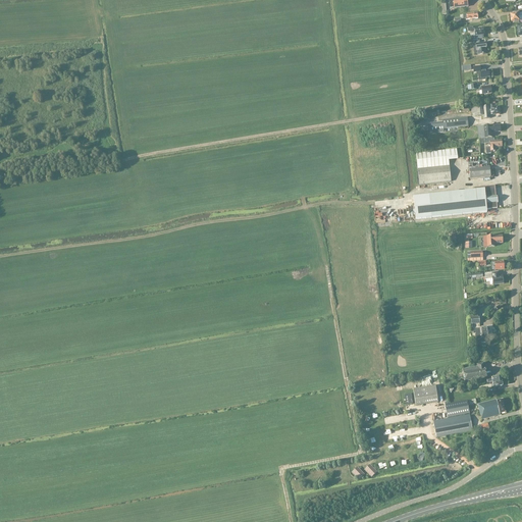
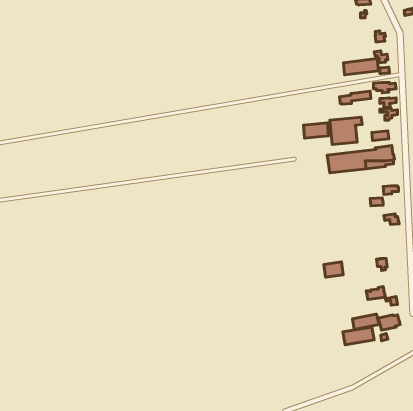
building: none -> [343,59,378,75]
building: none -> [304,123,329,138]
building: [413,384,437,404] -> [324,262,343,277]

